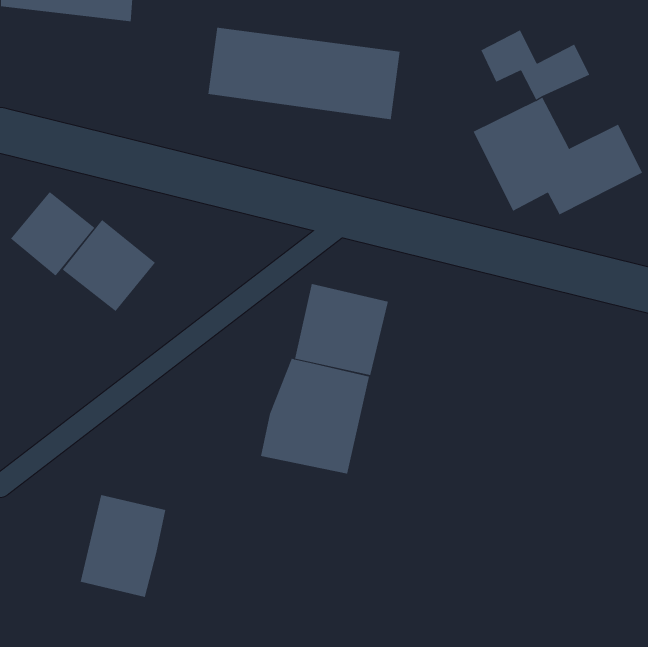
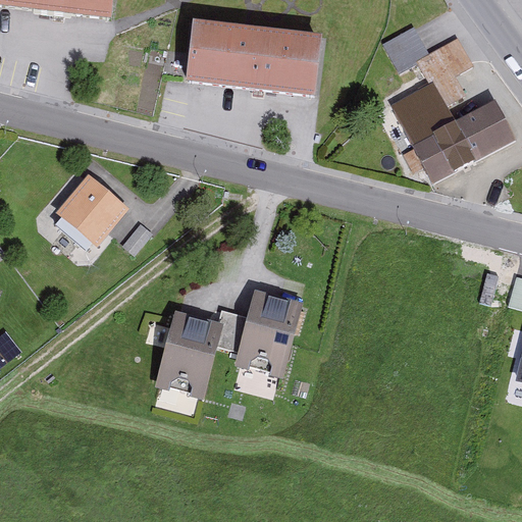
building: [10,191,95,276] -> none
building: [294,283,388,376] -> none
building: [80,494,166,597] -> [153,315,221,397]

